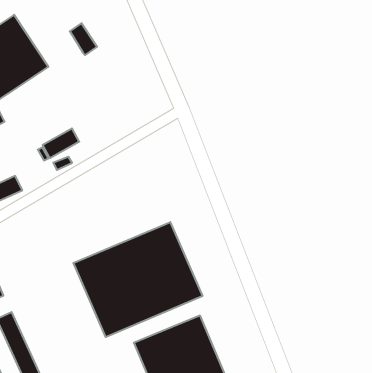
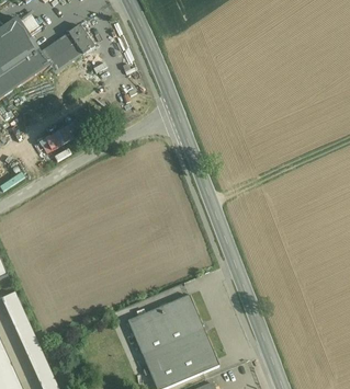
building: none -> [44,35,80,68]
building: [73,222,202,337] -> none

